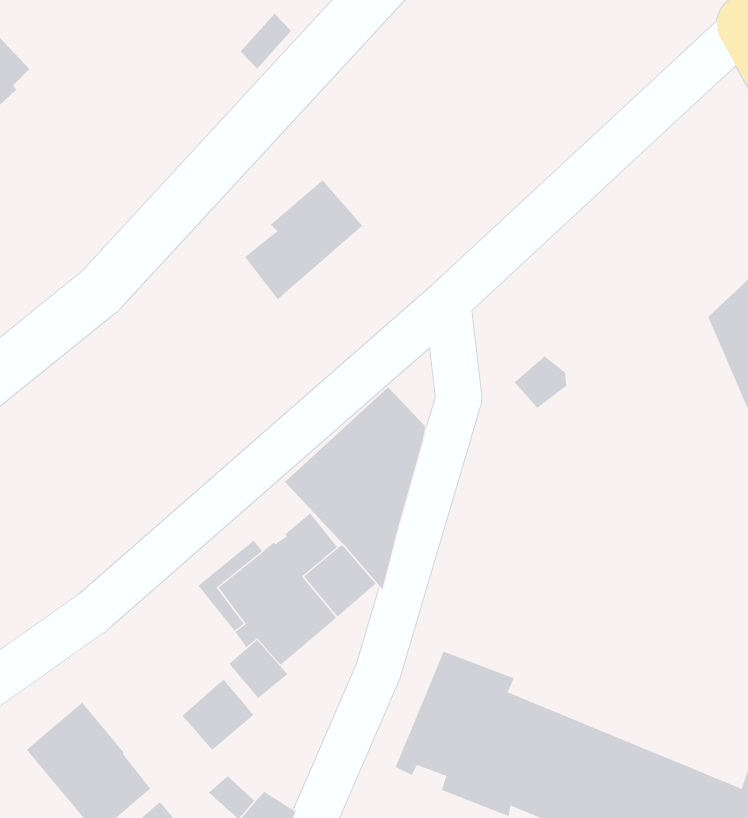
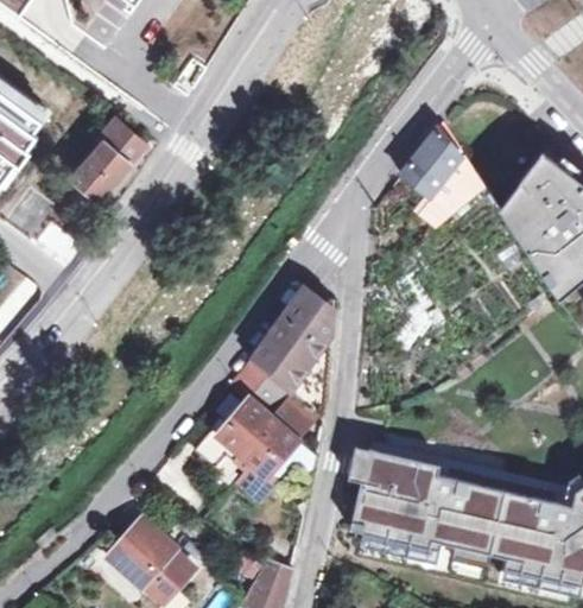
building: none -> [395,128,481,220]
building: [244,180,363,300] -> [70,125,142,207]
building: [182,679,254,750] -> none

